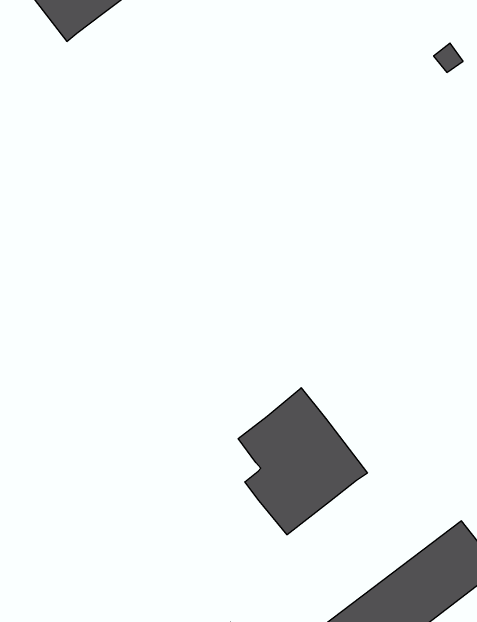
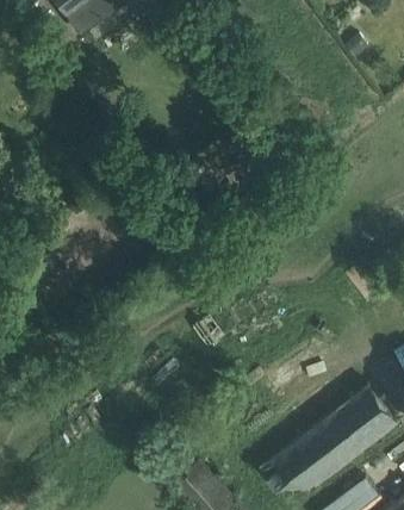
building: [238,388,367,535] -> none

